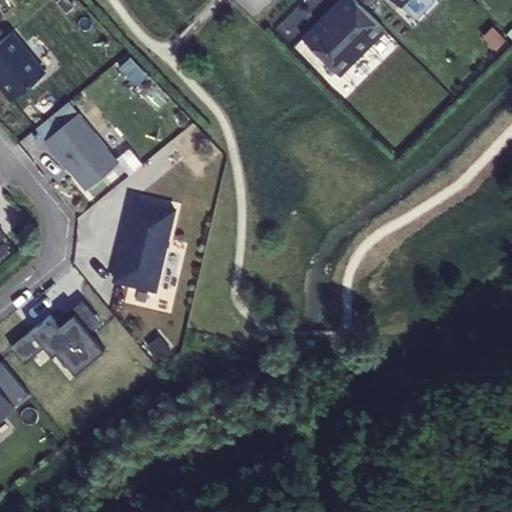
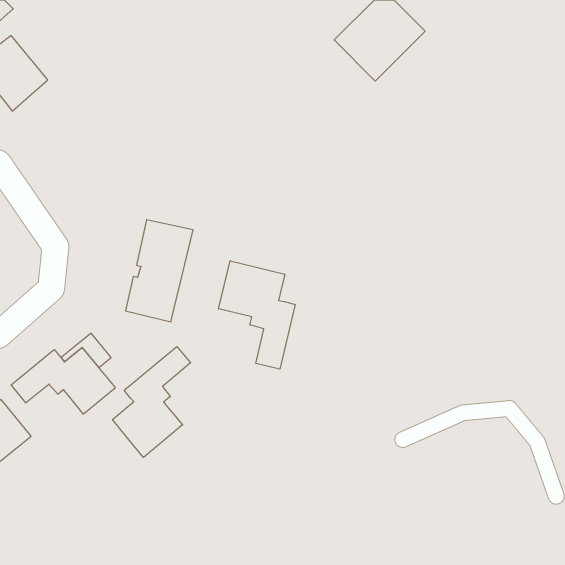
building: [35,103,117,192] -> none
building: none -> [219,261,295,369]
building: none -> [112,347,191,457]

